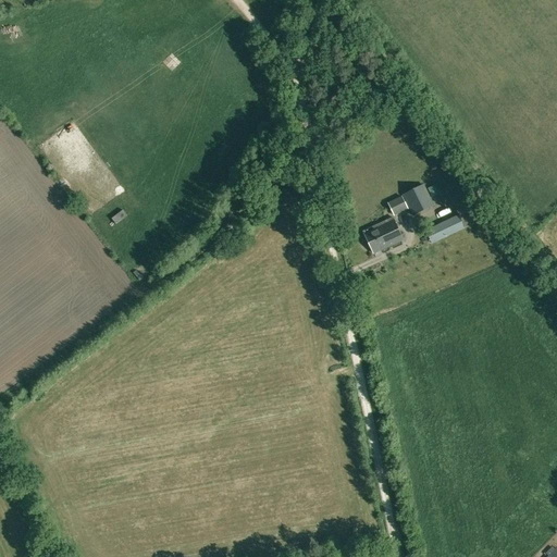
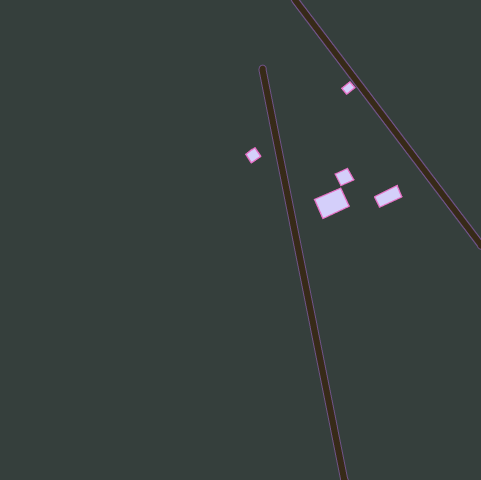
building: [404,183,434,214] -> none

